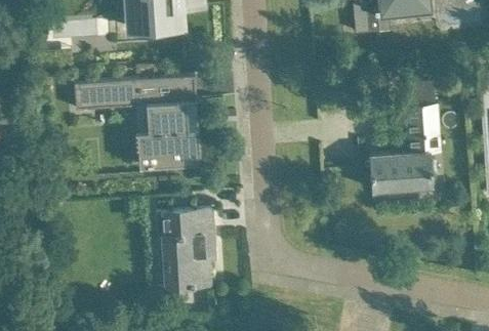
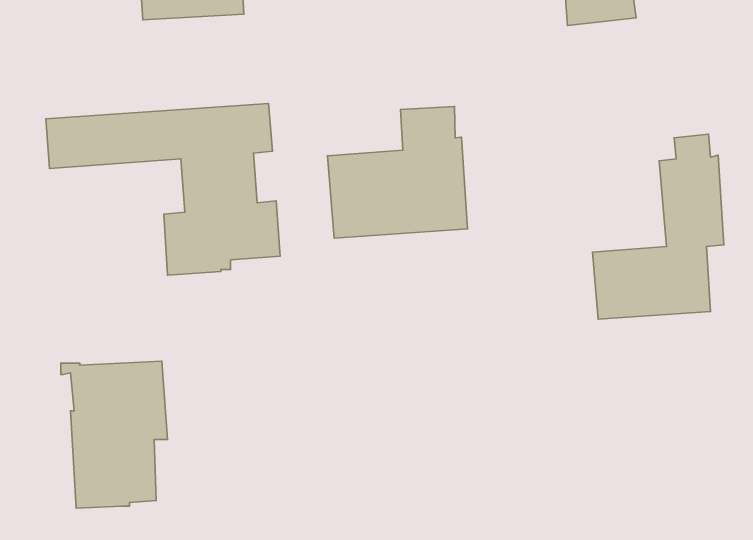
building: none -> [328,106,467,238]
building: [156,212,213,291] -> [61,361,168,508]

